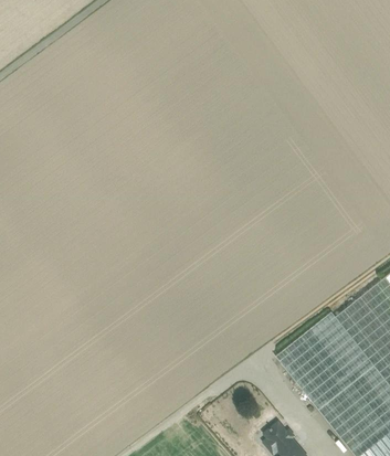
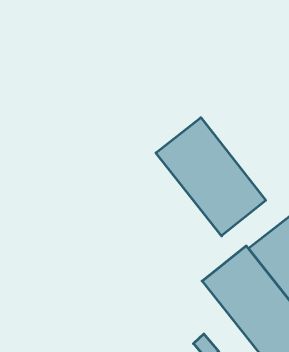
building: none -> [156,118,266,236]

